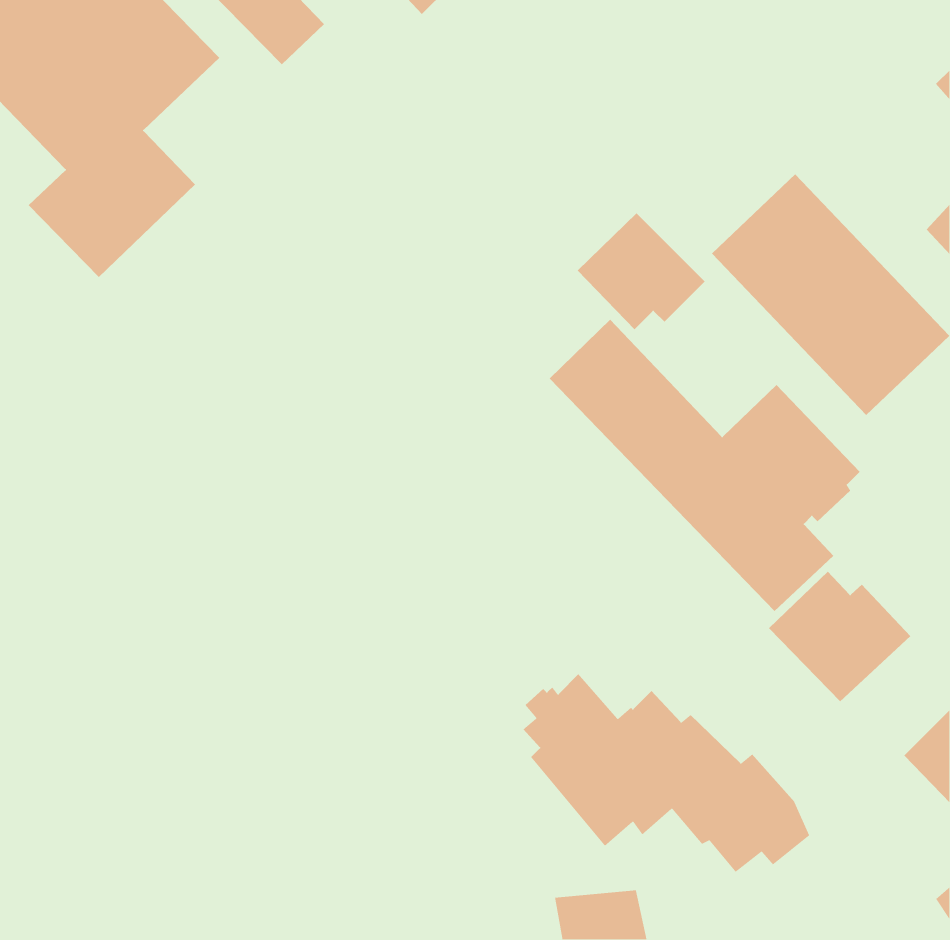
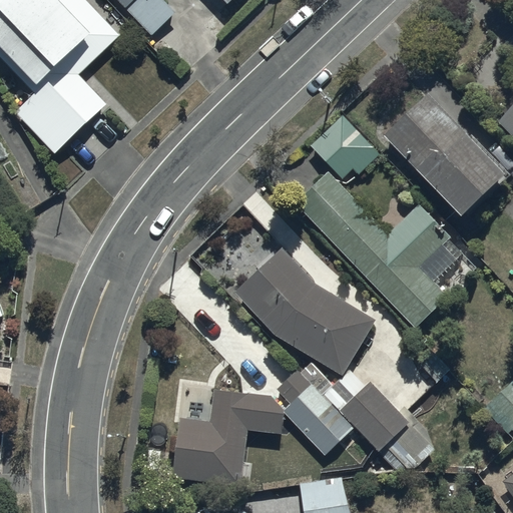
building: none -> [234,249,375,375]
building: [768,571,911,702] -> none
building: none -> [172,391,284,486]

